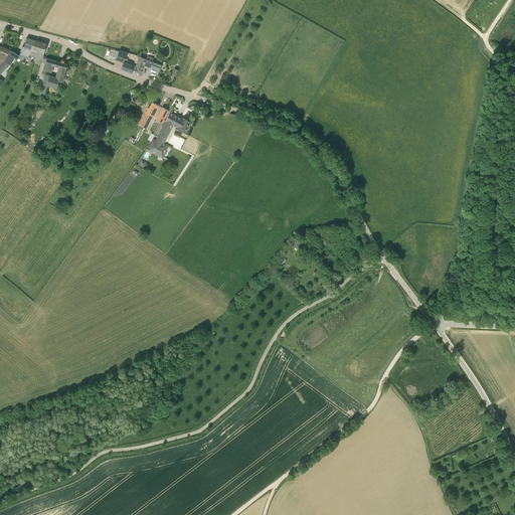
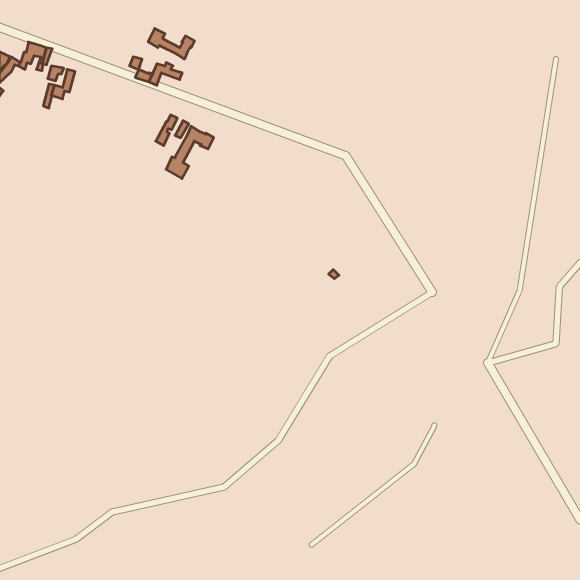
building: none -> [148,28,194,59]

